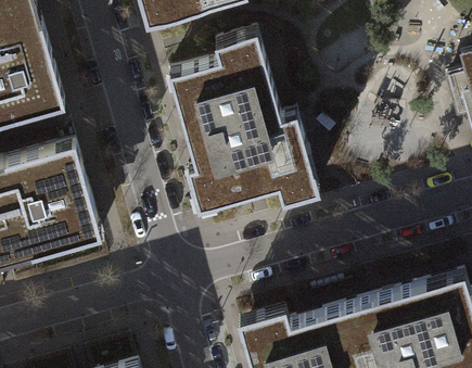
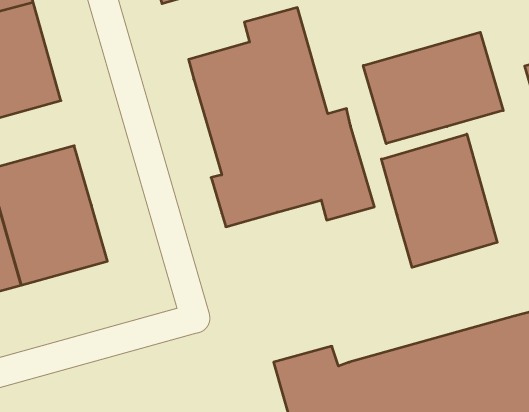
building: none -> [363,32,503,144]
building: none -> [381,134,497,267]

